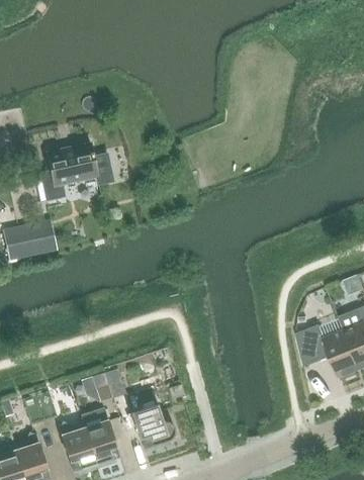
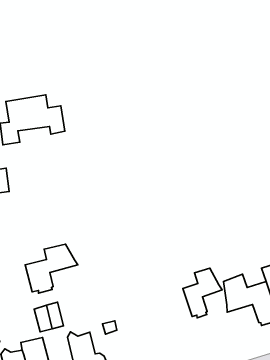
building: none -> [25,244,78,293]
building: none -> [183,268,222,318]

